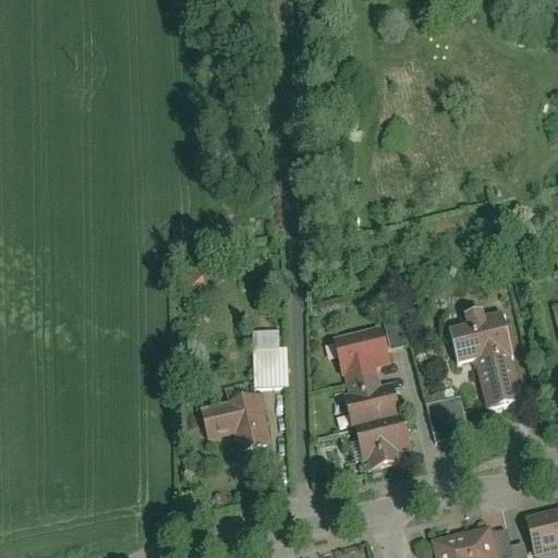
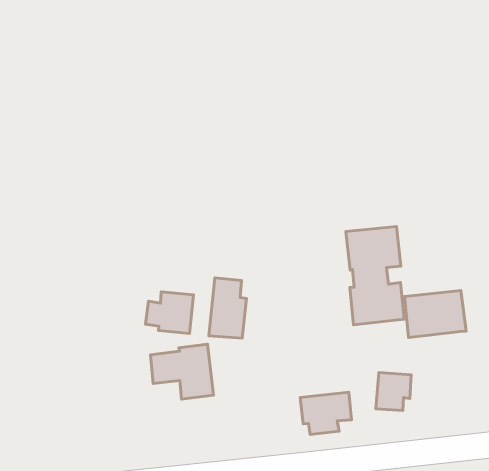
building: [331,327,402,432] -> [346,227,404,325]
building: [474,347,520,403] -> none
building: none -> [146,292,193,334]

